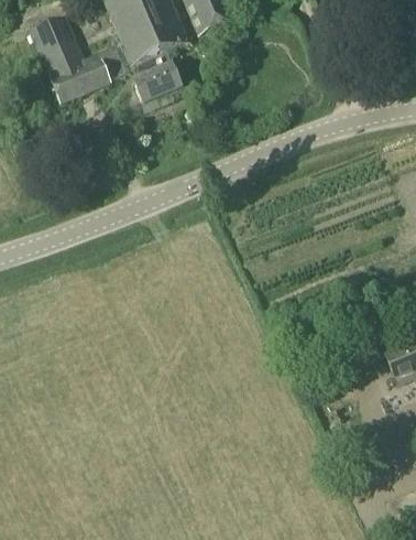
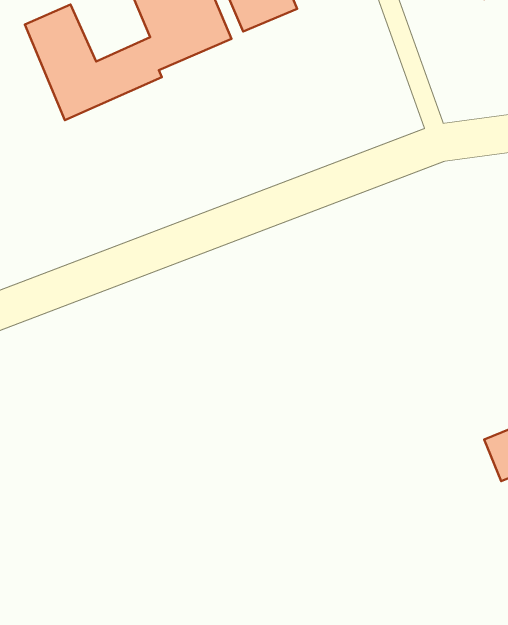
building: [131,62,180,101] -> none

